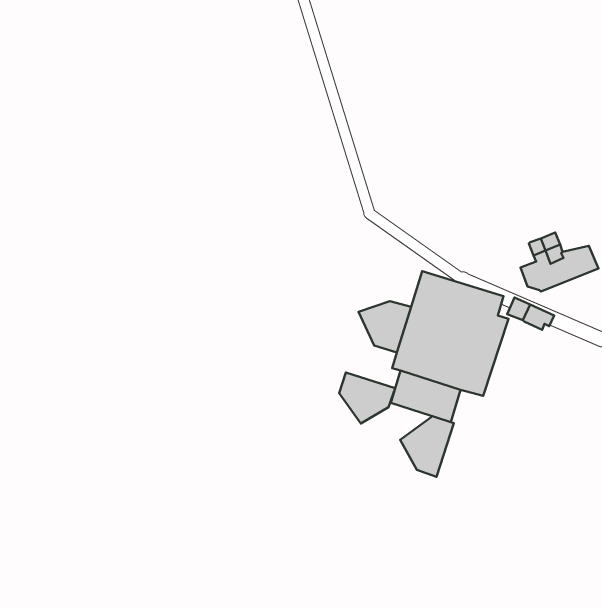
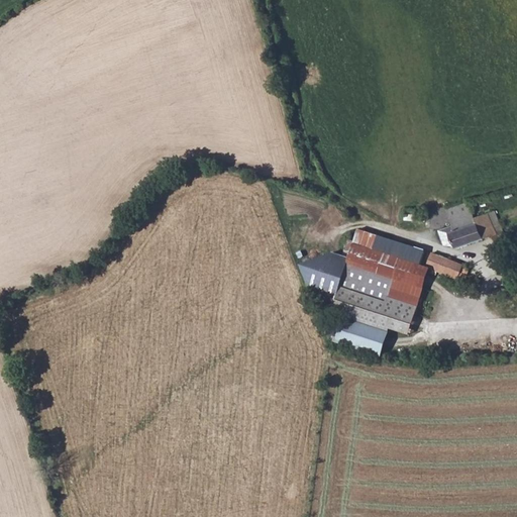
building: [339,373,395,423] -> none
building: [400,416,454,477] -> none

